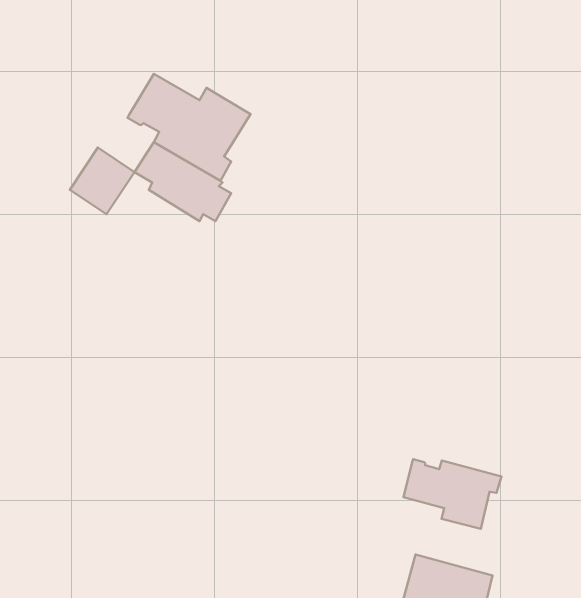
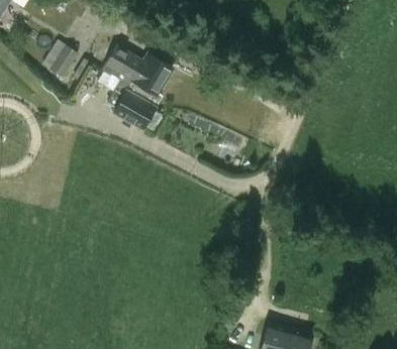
building: [70,148,135,214] -> [42,40,80,79]
building: [404,459,501,529] -> none

